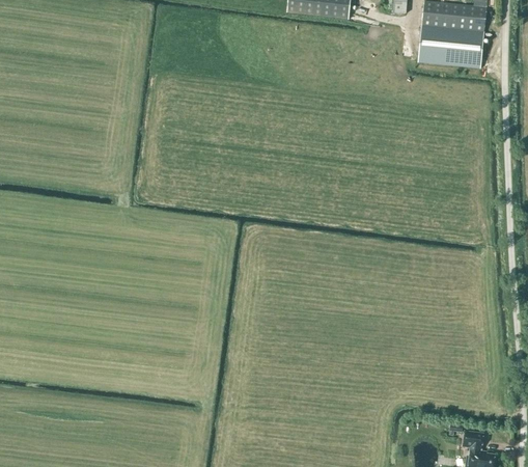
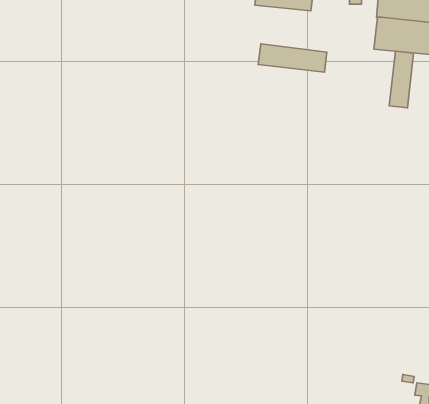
building: none -> [258,44,327,72]
building: none -> [389,51,413,108]

